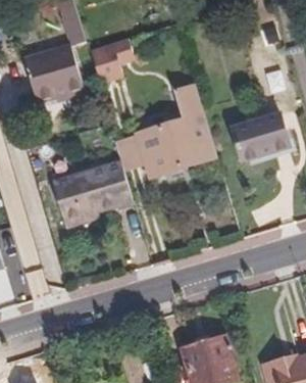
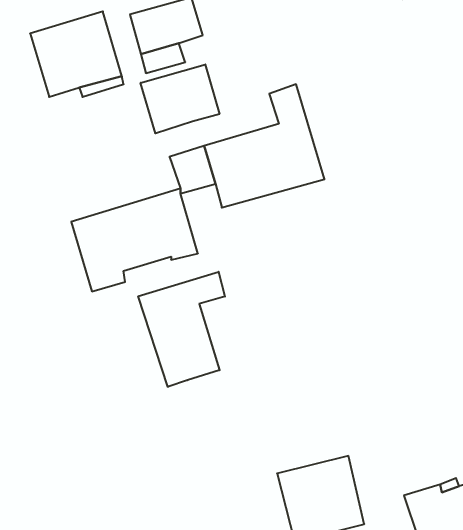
building: none -> [141,64,219,133]
building: [232,111,289,157] -> none
building: none -> [138,272,225,387]

